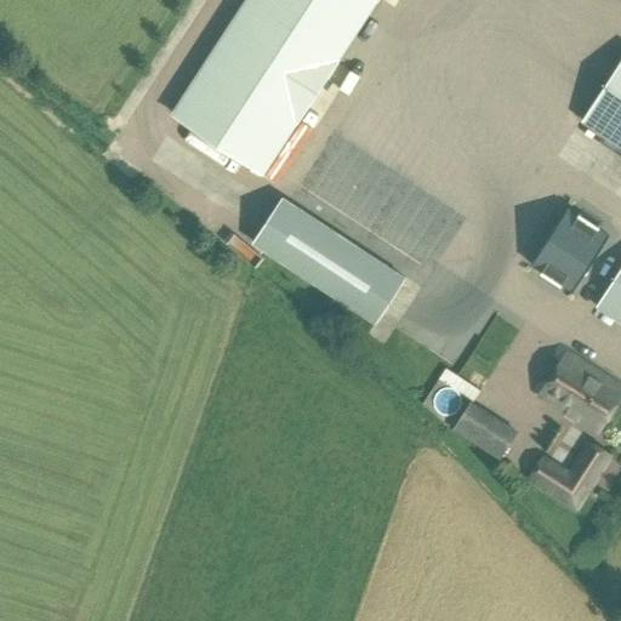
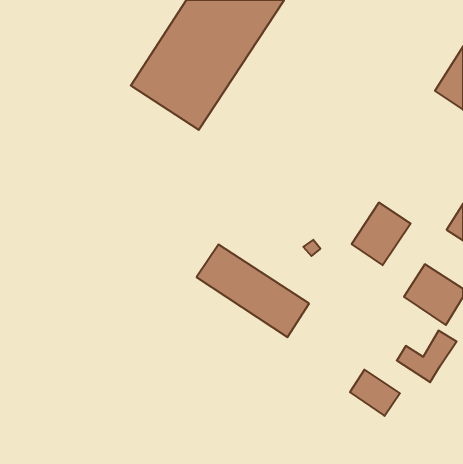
building: [252,199,403,323] -> [197,245,309,337]
building: [531,209,610,292] -> [352,203,411,265]
building: [451,401,518,463] -> [350,370,400,416]

